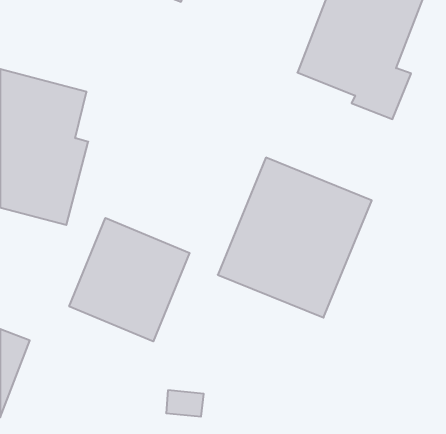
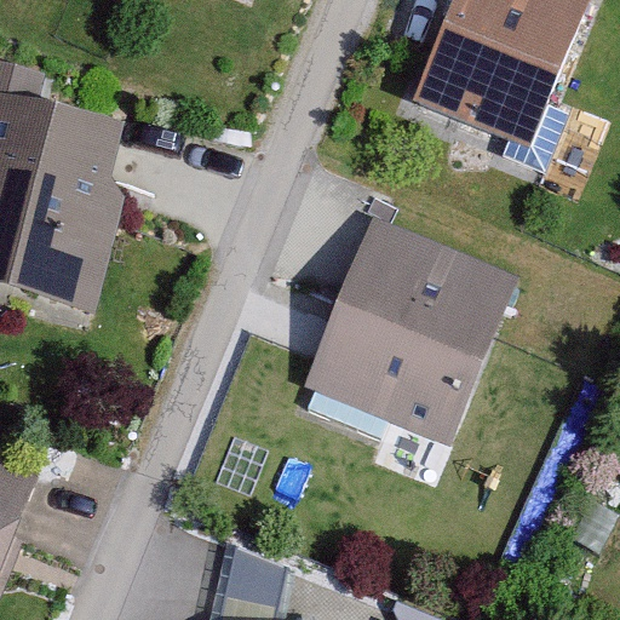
building: [69,218,190,341] -> none

